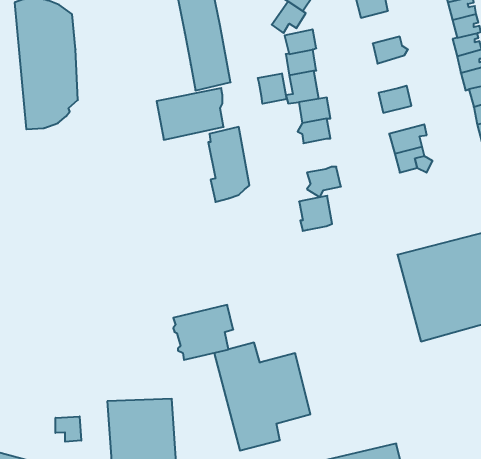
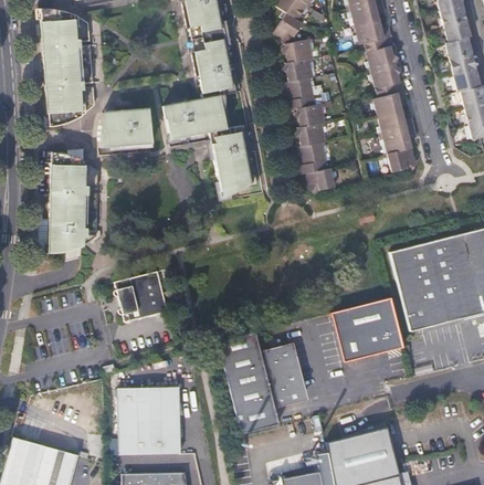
building: none -> [356,21,394,52]
building: none -> [371,63,403,97]
building: [258,73,287,104] -> none
building: none -> [99,109,152,151]
building: none -> [377,110,415,137]
building: none -> [43,150,95,263]
building: [299,196,332,231] -> [297,141,328,175]
building: [173,305,233,360] -> [113,268,169,320]
building: none -> [333,299,404,363]
building: [55,416,81,442] -> none

